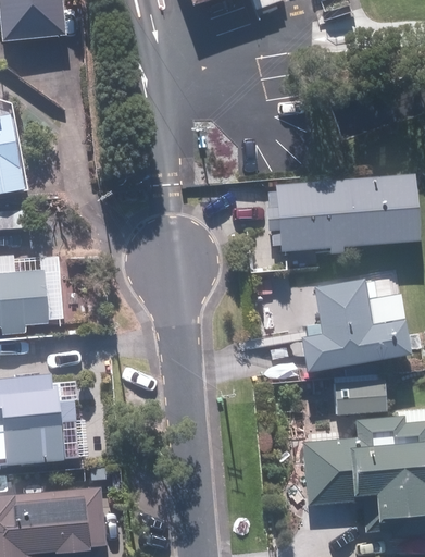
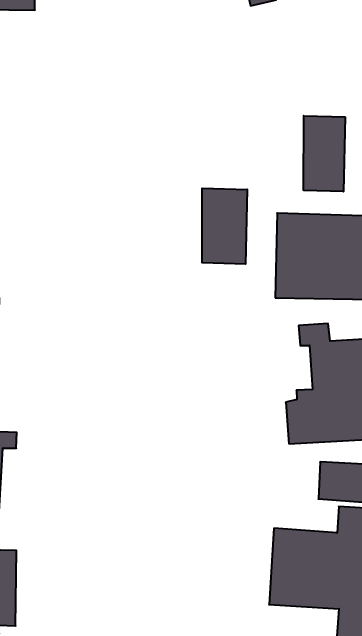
building: none -> [304,116,345,192]
building: none -> [202,188,247,264]

